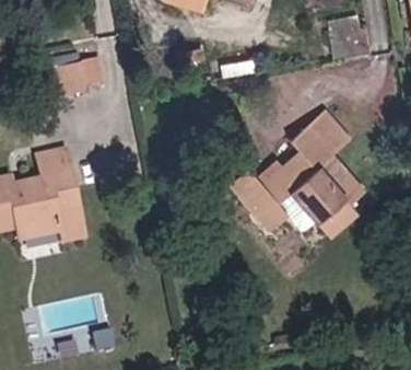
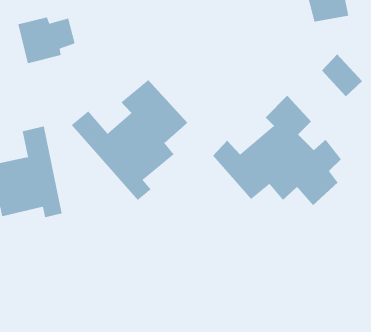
building: [312,109,354,154] -> [321,53,363,97]
building: none -> [71,79,188,201]

